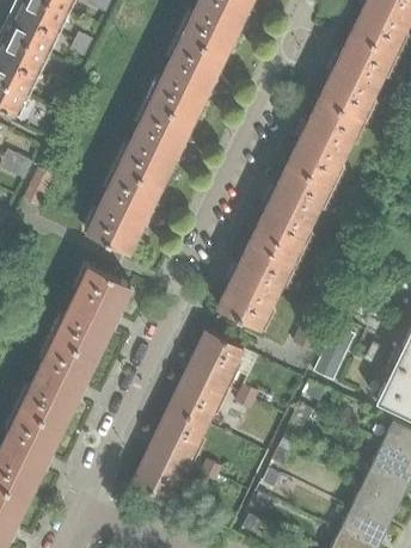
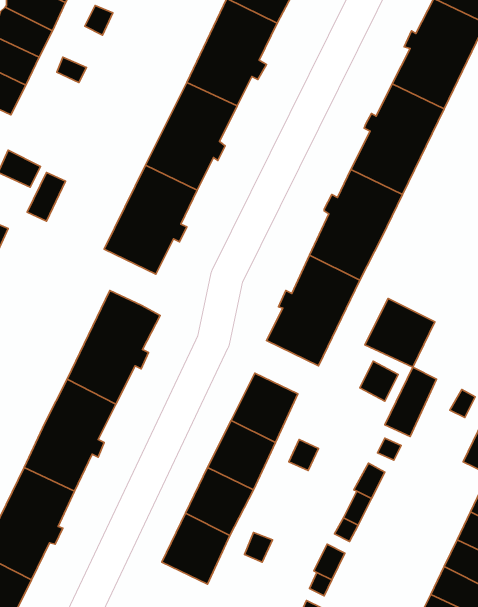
building: none -> [365,299,435,367]

